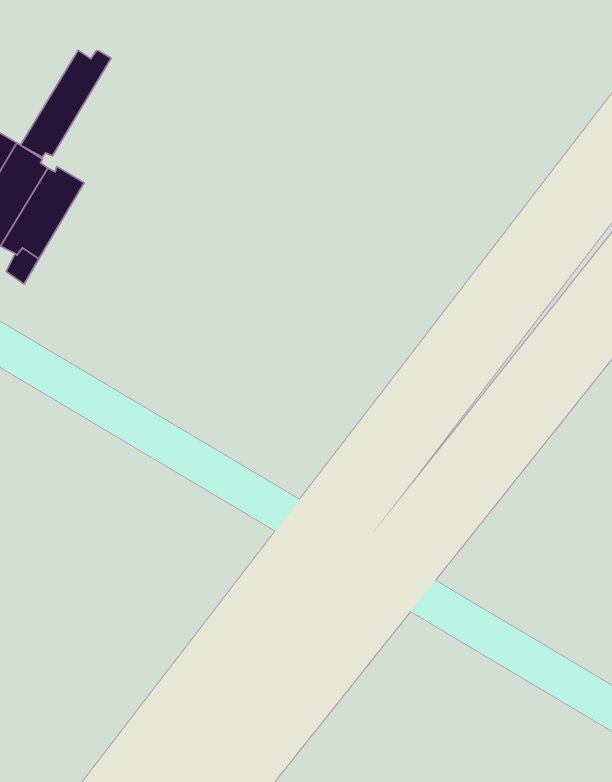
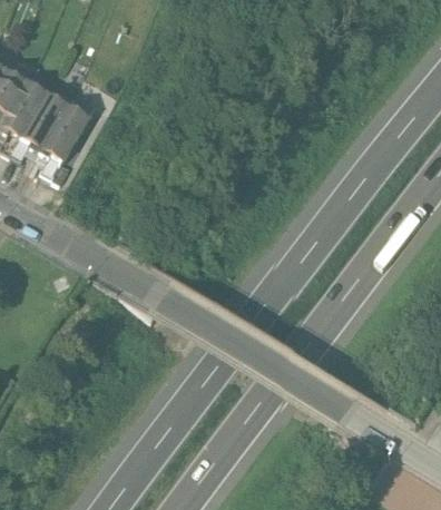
building: [21,50,111,157] -> none

